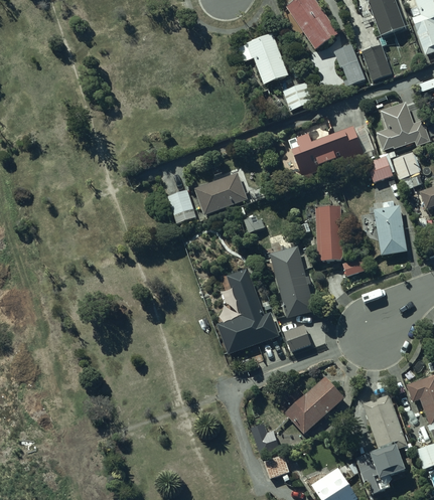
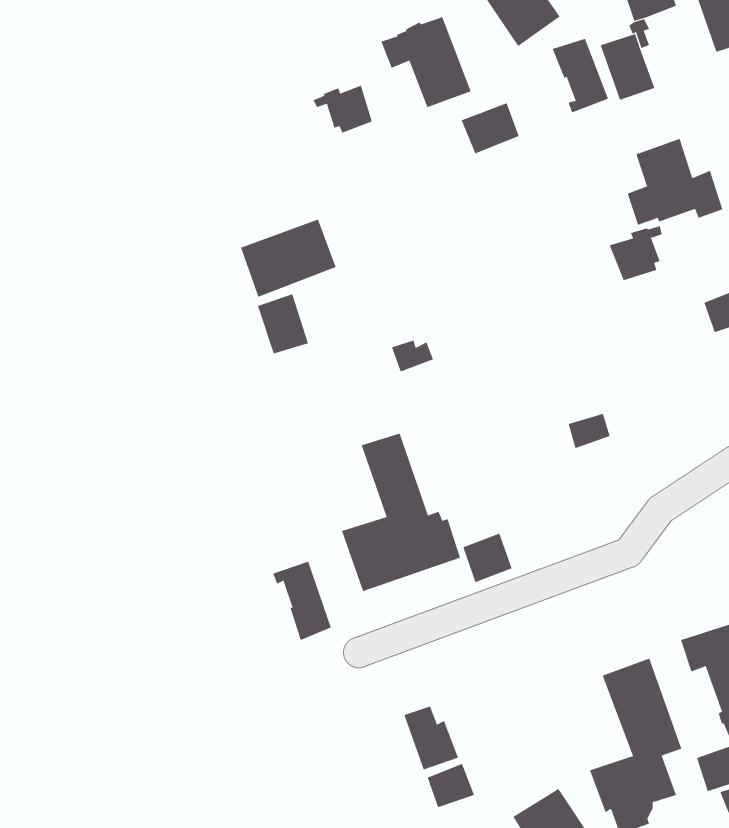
building: none -> [313,85,372,133]
building: [287,123,374,176] -> none
building: [392,150,420,179] -> none
building: [193,171,248,215] -> [240,219,336,297]
building: [373,199,407,255] -> none
building: [314,205,343,260] -> none
building: [272,245,314,316] -> none
building: none -> [272,561,332,641]
building: [284,375,344,434] -> none

